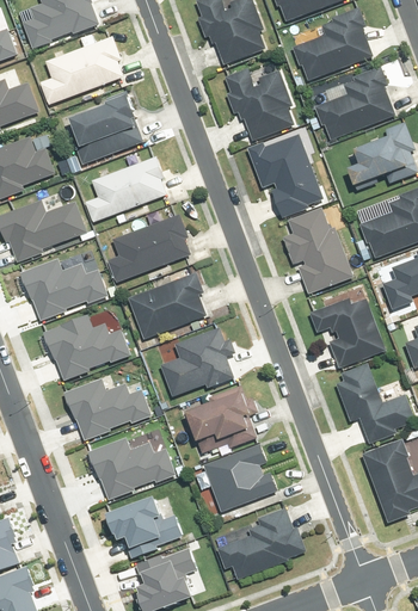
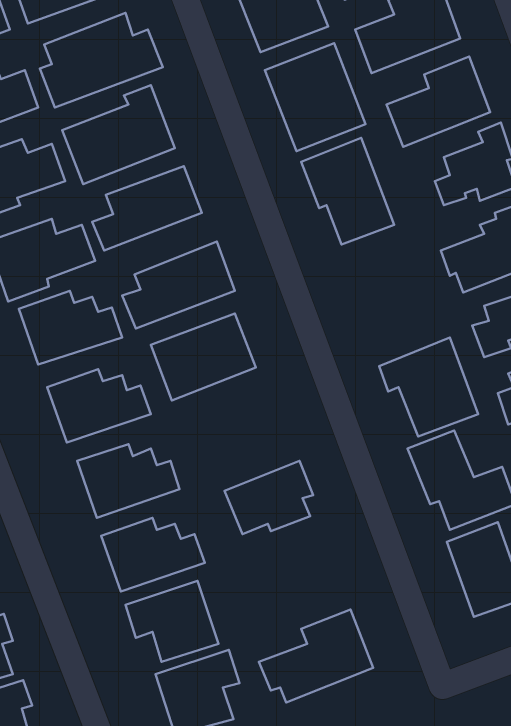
building: [276,210,351,300] -> none
building: [154,331,233,403] -> none
building: [202,445,276,516] -> none

